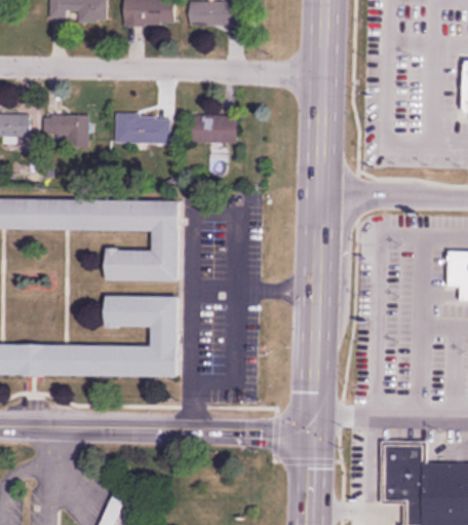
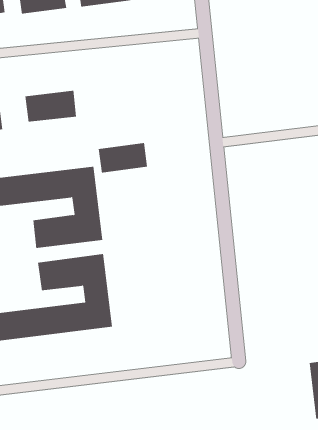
building: [186,116,237,143] -> [98,143,148,173]

